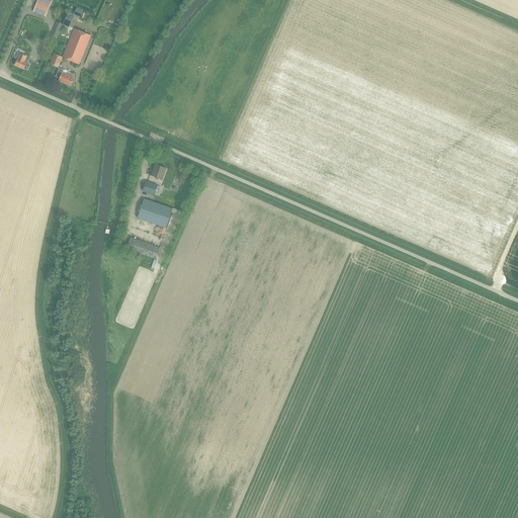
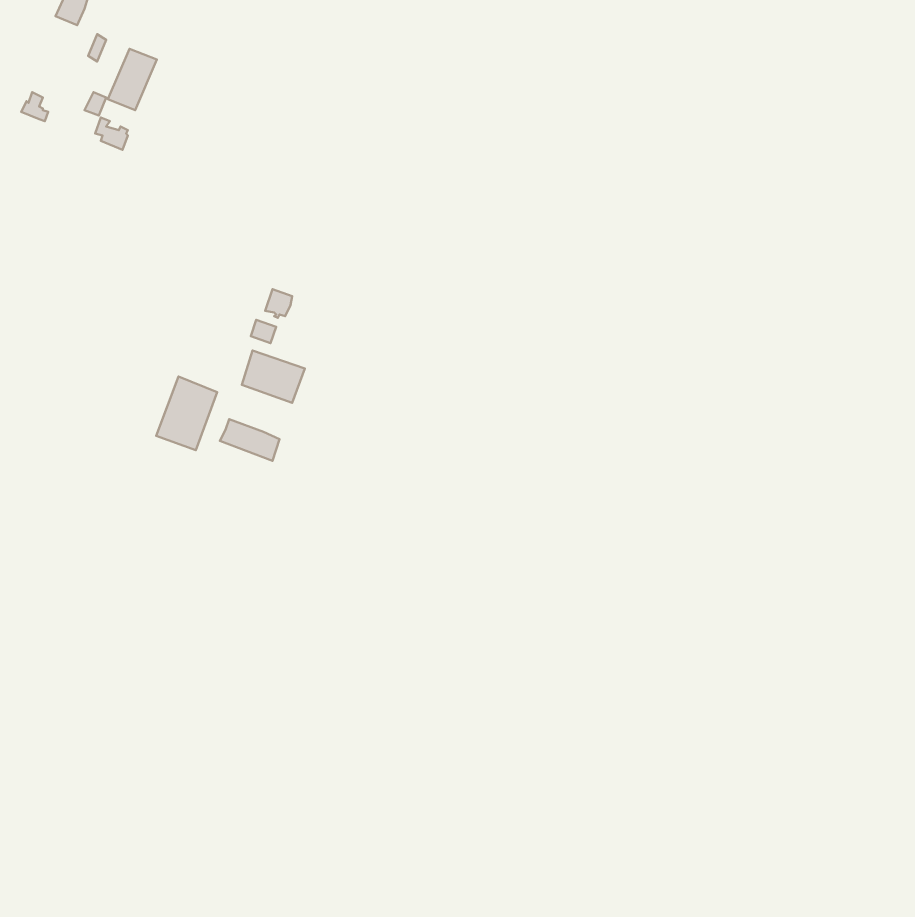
building: none -> [156,376,217,450]

